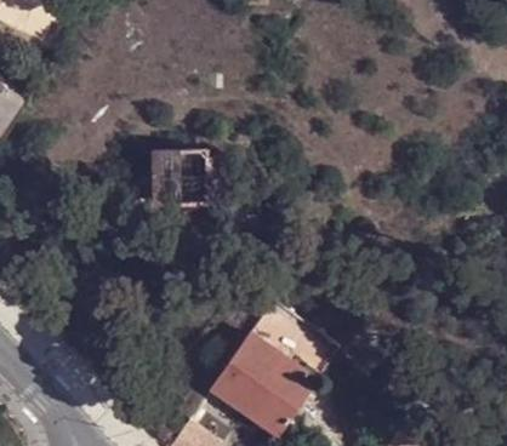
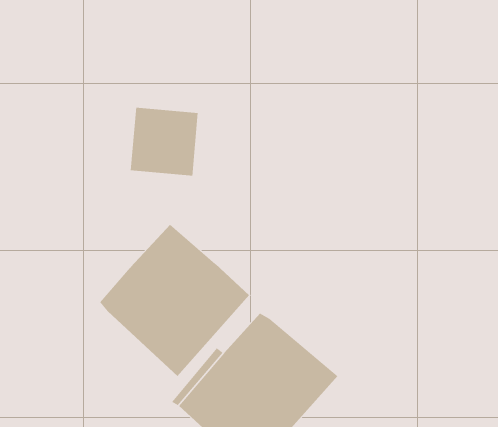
building: none -> [100,224,250,377]

